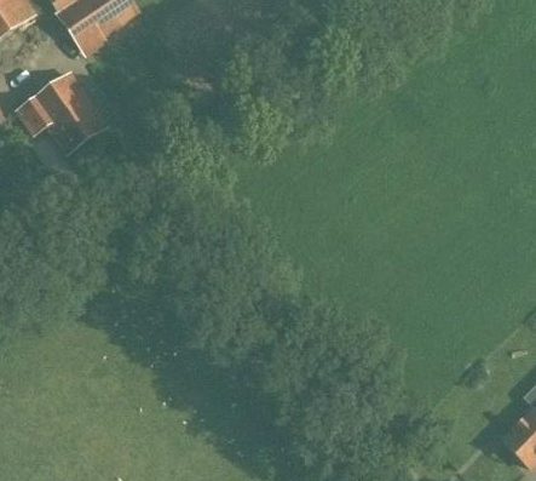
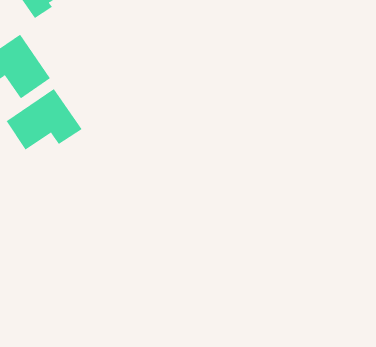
building: none -> [6,88,82,150]

